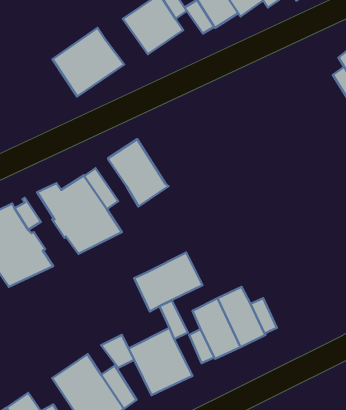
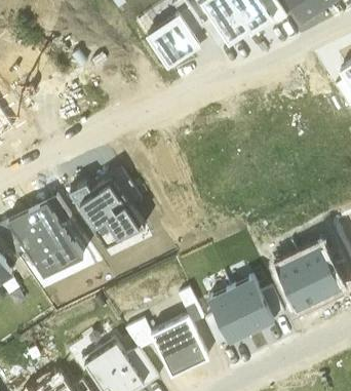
building: [52,28,124,97] -> none
building: [108,139,168,206] -> none
building: [134,253,203,312] -> none
building: none -> [279,246,341,308]

